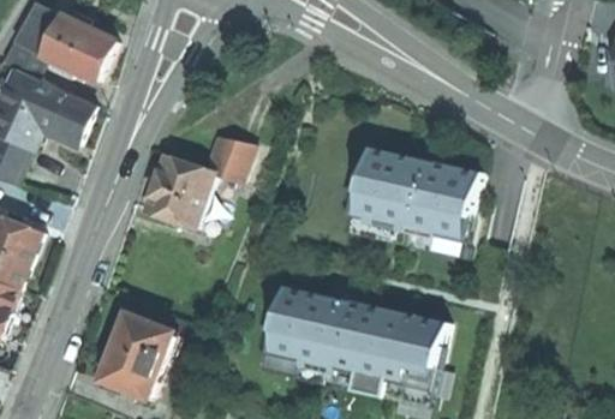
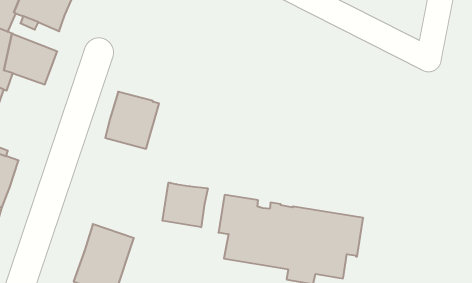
building: [203,137,251,182] -> none
building: [357,146,480,243] -> none
building: none -> [162,183,208,227]

